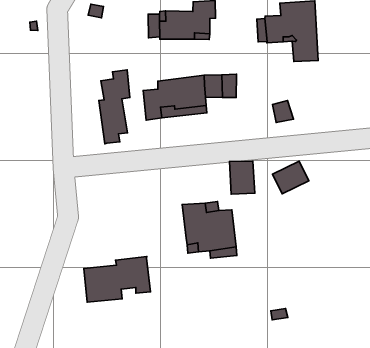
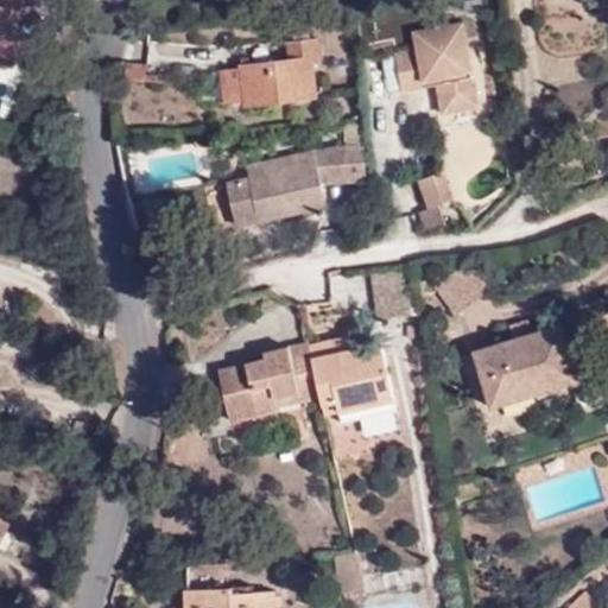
building: [99,70,130,144] -> none
building: none -> [471,325,574,406]
building: [84,256,151,302] -> [213,343,315,420]

